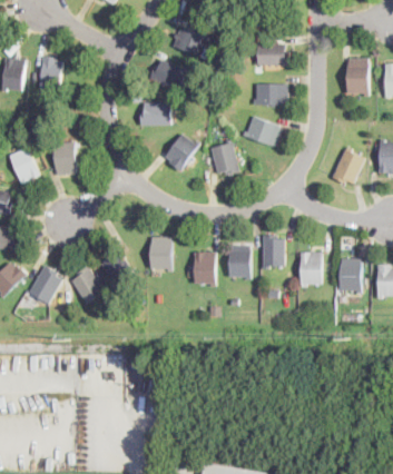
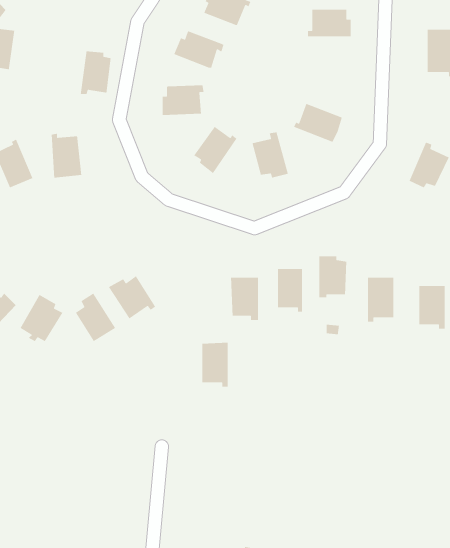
building: [37,56,61,90] -> [80,51,111,95]
building: [253,82,286,105] -> none
building: [150,236,171,271] -> [202,342,229,387]

